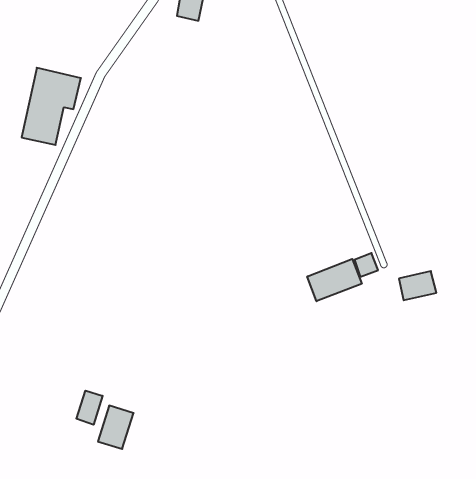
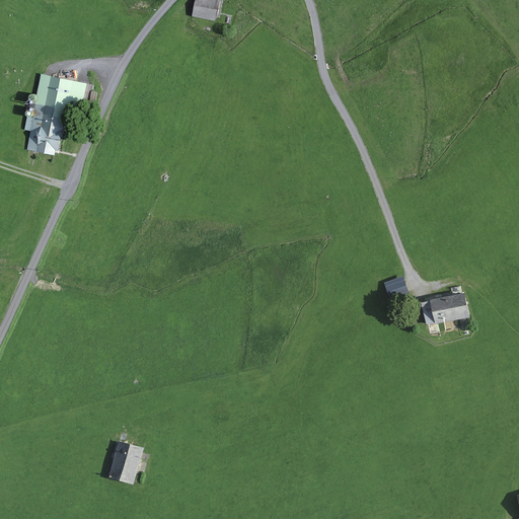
building: [307,259,362,301] -> none
building: [76,391,103,425] -> none

